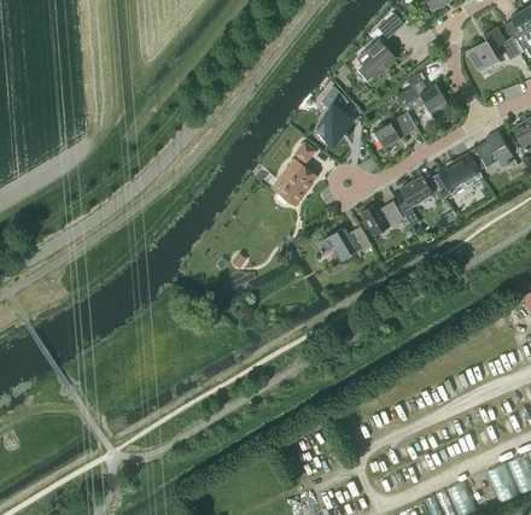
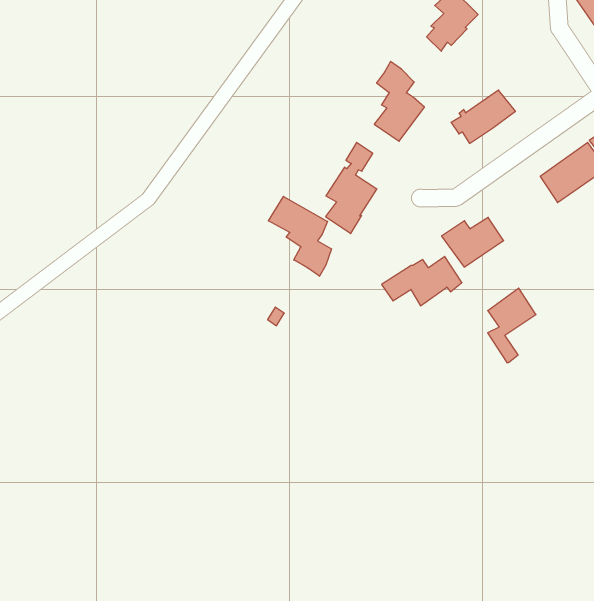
building: [398,71,450,119] -> none
building: [398,175,433,227] -> [488,288,536,363]
building: none -> [268,196,331,276]

